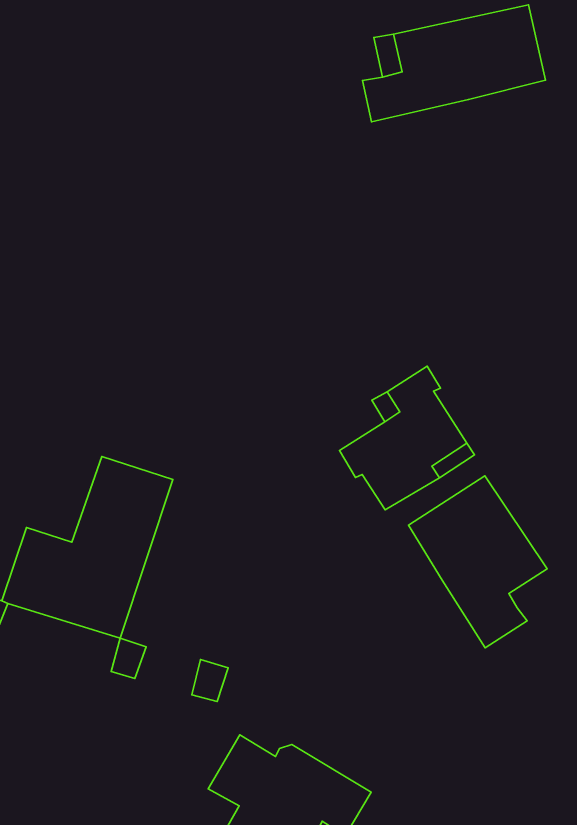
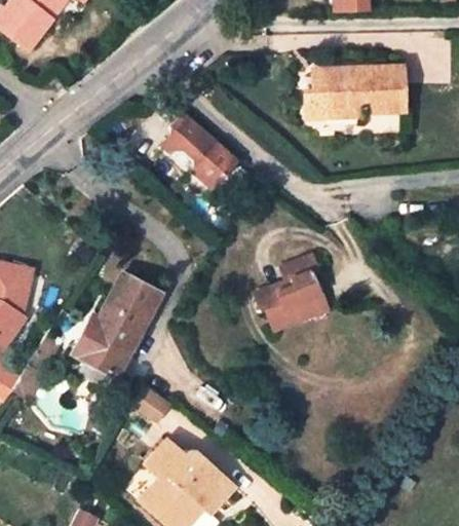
building: none -> [161,116,237,189]
building: [409,476,547,648] -> none

